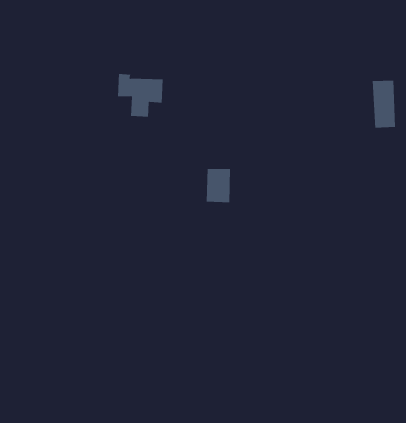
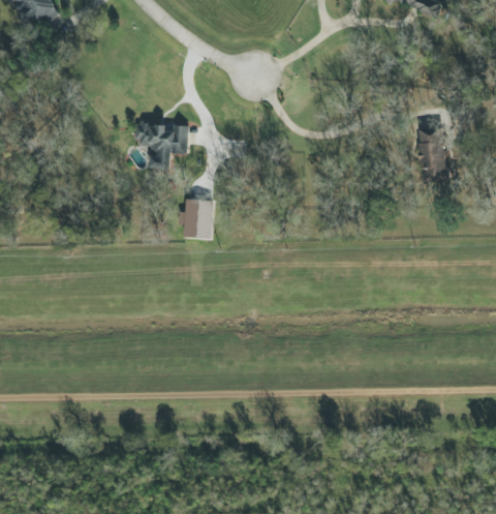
building: [206,168,231,203] -> [184,199,212,237]

